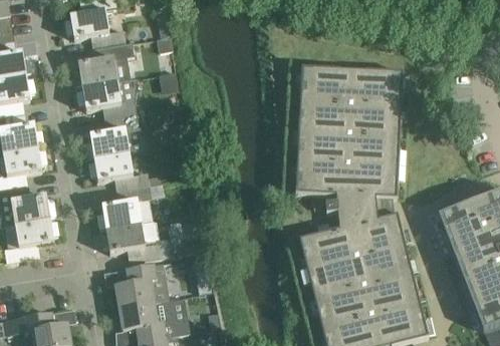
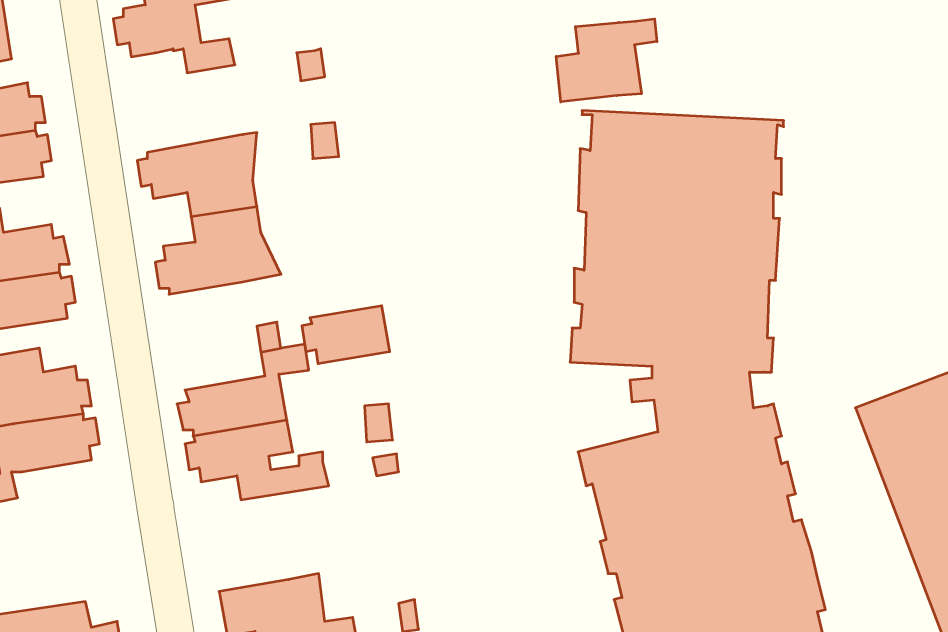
building: none -> [556,19,657,102]
building: [73,42,134,87] -> none
building: [88,152,133,182] -> [302,306,390,364]
building: [113,263,168,308] -> none

